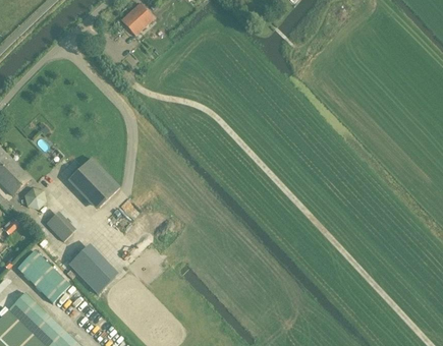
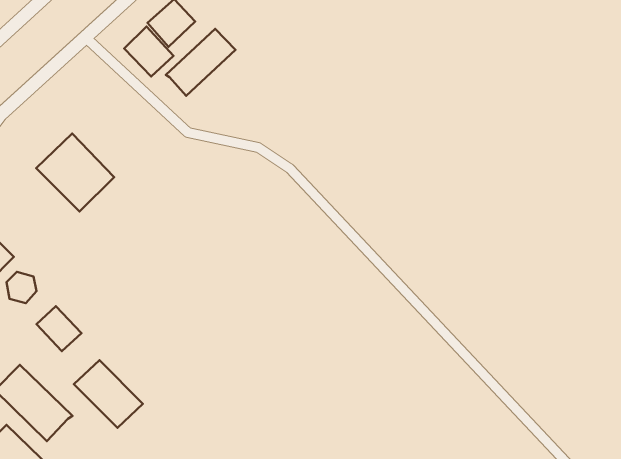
building: none -> [124,26,174,76]
building: none -> [166,29,235,96]
building: [66,157,119,210] -> [36,134,114,212]

